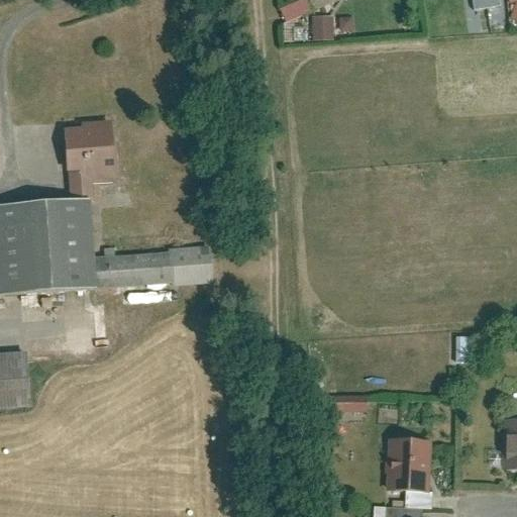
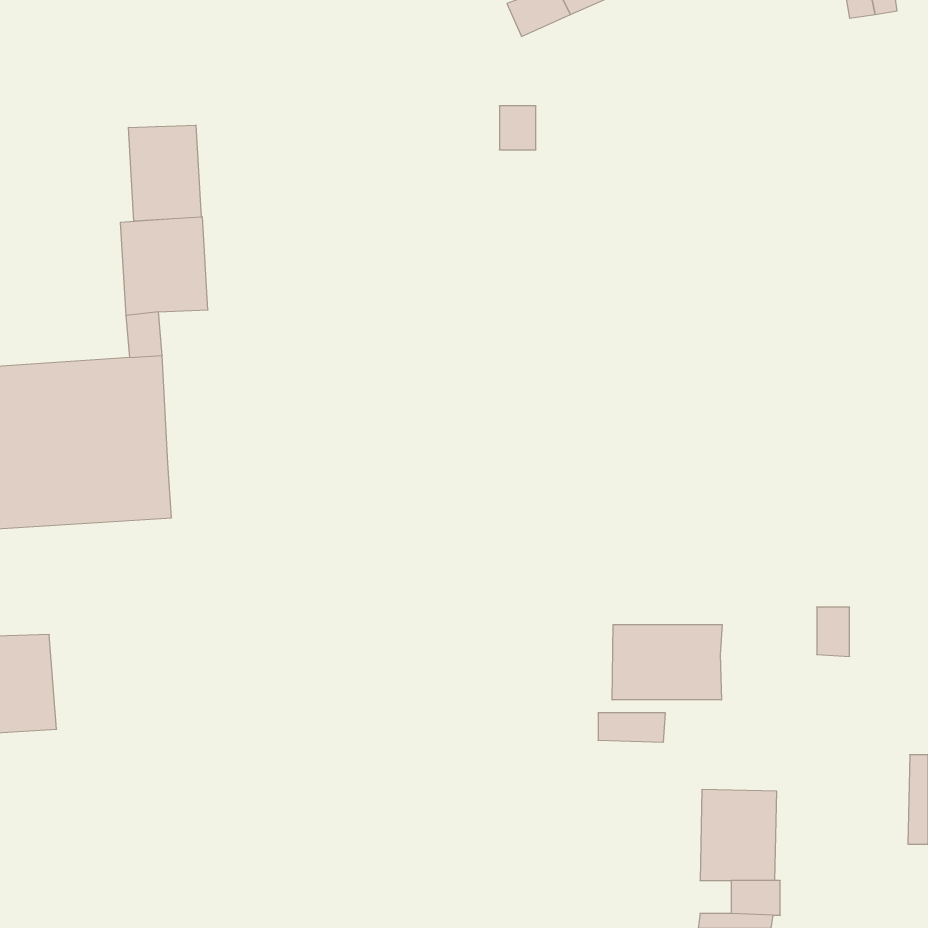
building: [313,14,333,38] -> [499,106,536,150]
building: none -> [128,125,201,221]
building: [93,244,213,287] -> none
building: none -> [612,625,722,700]

